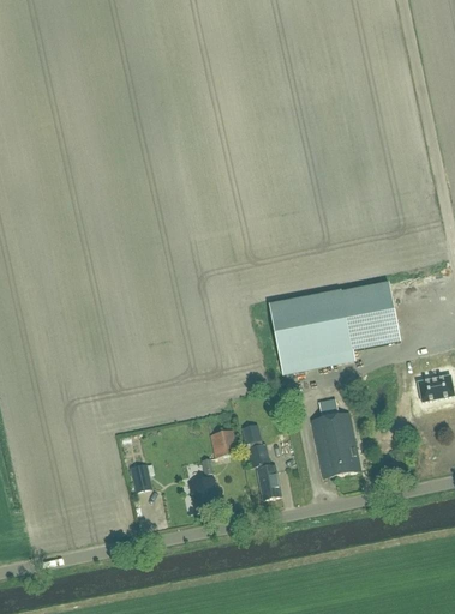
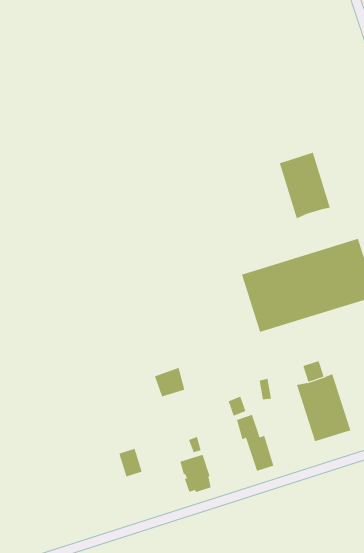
building: none -> [279,152,330,219]
building: [208,429,237,457] -> [154,367,185,397]

